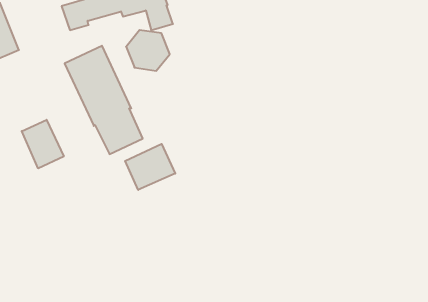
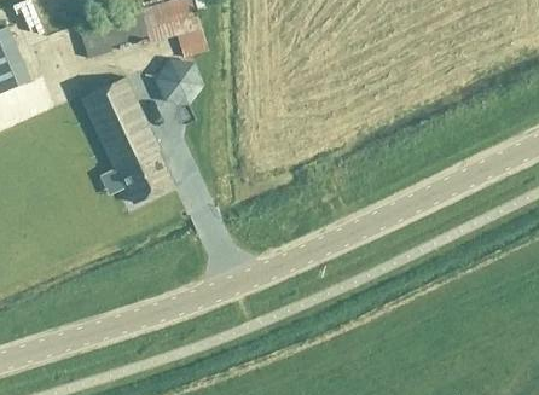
building: [22,120,64,168] -> none
building: [125,144,175,190] -> none

